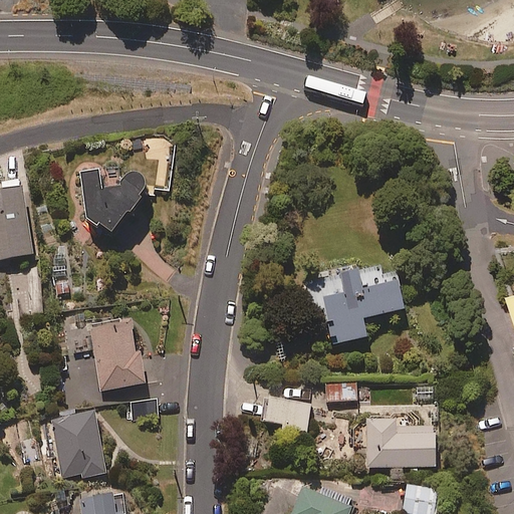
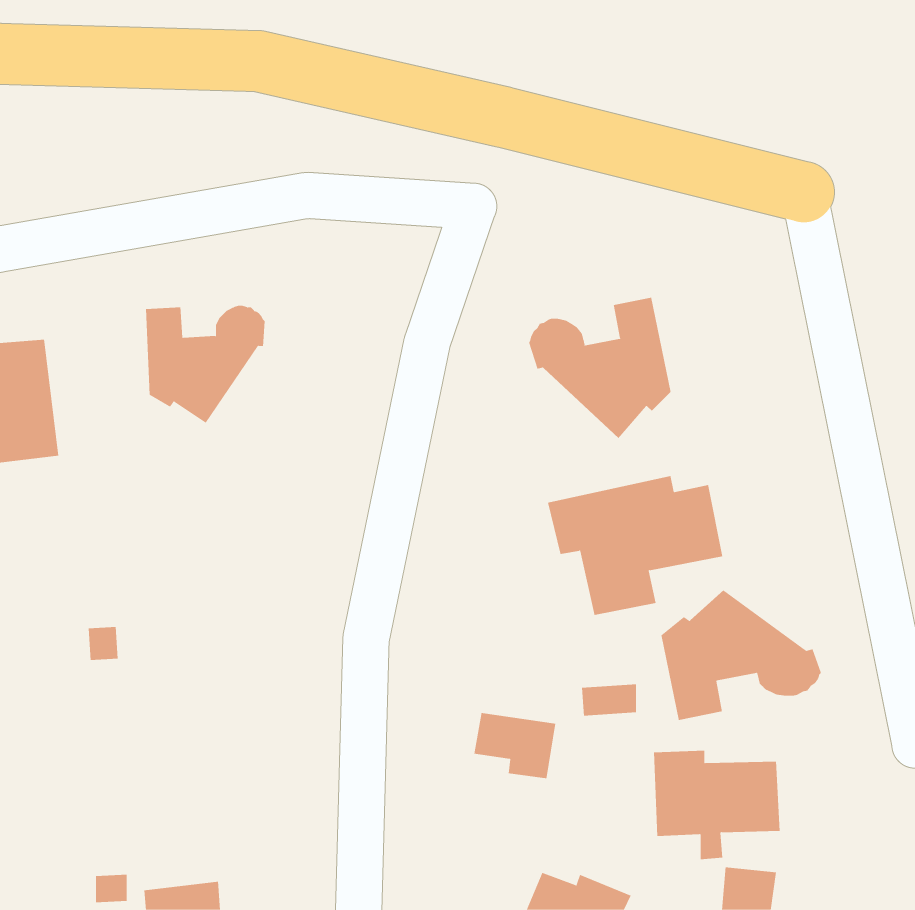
building: none -> [528,297,671,439]
building: [91,323,144,390] -> none
building: none -> [661,589,821,721]
building: [52,413,104,476] -> none

